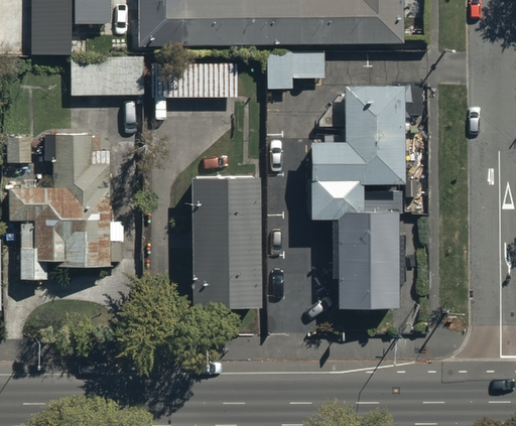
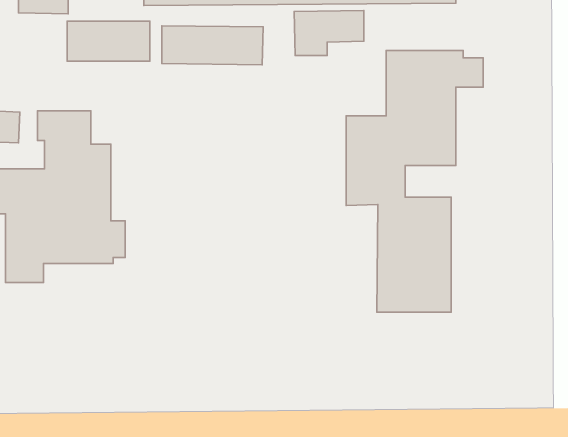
building: [188,171,260,304] -> none

